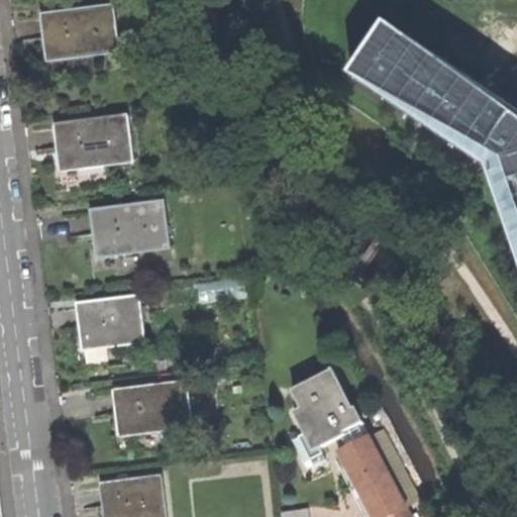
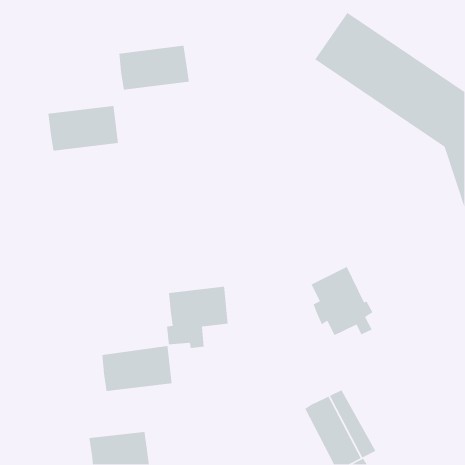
building: [39,7,118,58] -> [118,45,190,91]
building: [88,202,168,274] -> none
building: [74,298,142,368] -> [166,286,228,349]
building: [289,370,358,447] -> [311,266,374,336]

